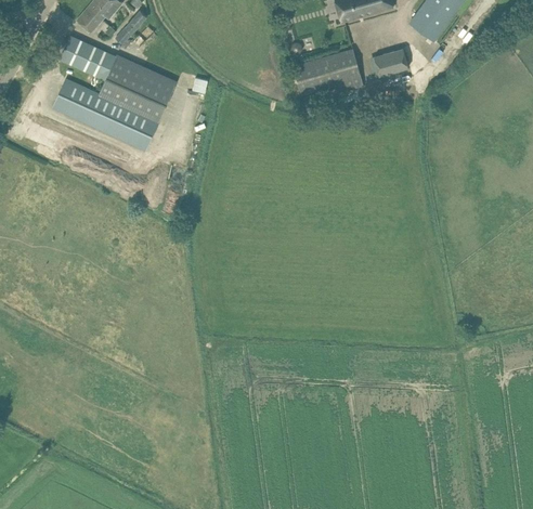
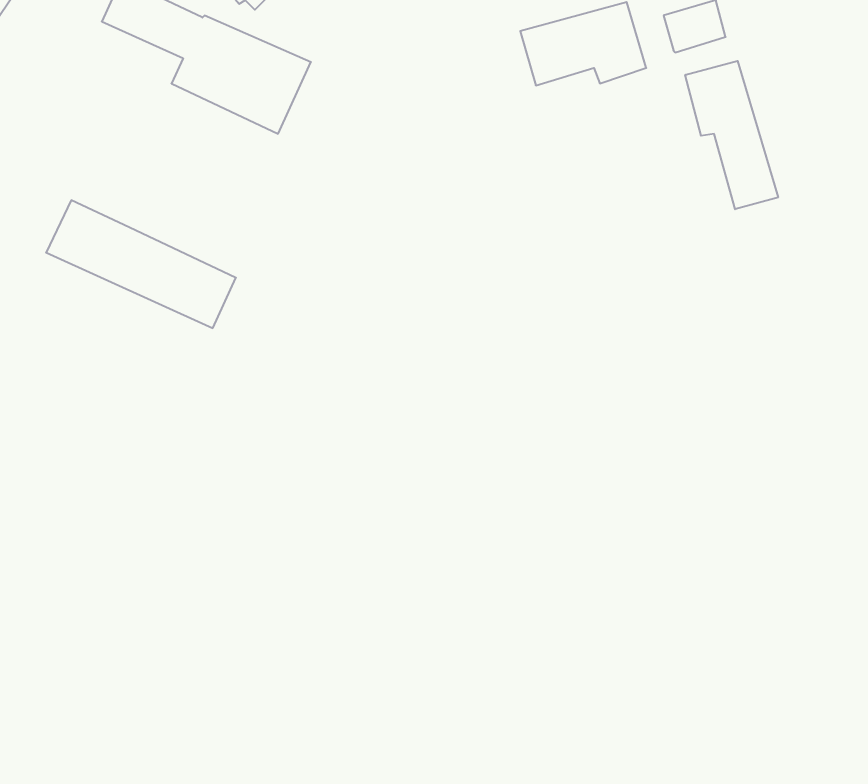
building: [52,79,158,151] -> [46,200,236,328]
building: none -> [685,61,778,209]

